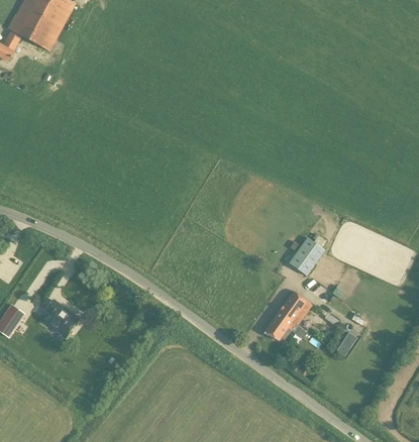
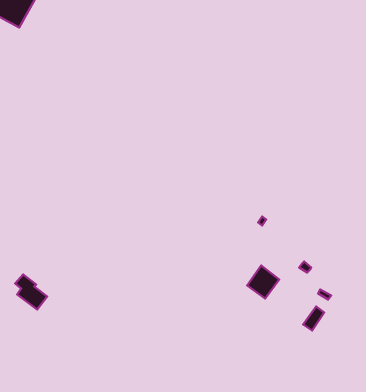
building: [288,237,324,275] -> none
building: [264,311,297,340] -> none

